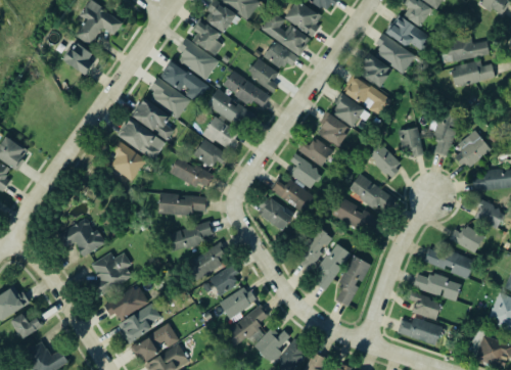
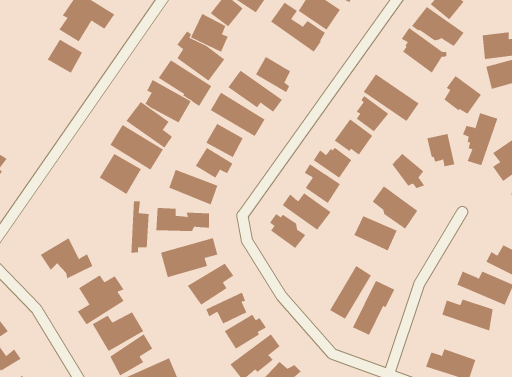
building: [264,39,300,70] -> none
building: [360,52,393,87] -> [443,75,482,114]
building: none -> [131,200,149,254]
building: [296,226,330,270] -> none
building: [410,292,443,320] -> none

